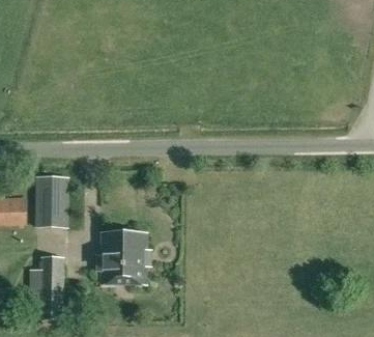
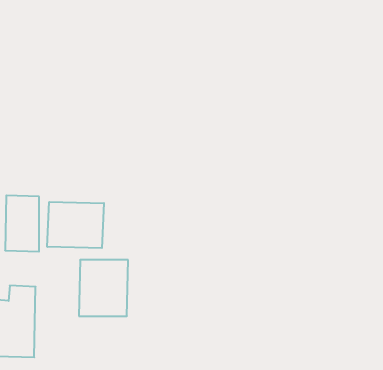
building: none -> [47,202,104,248]

